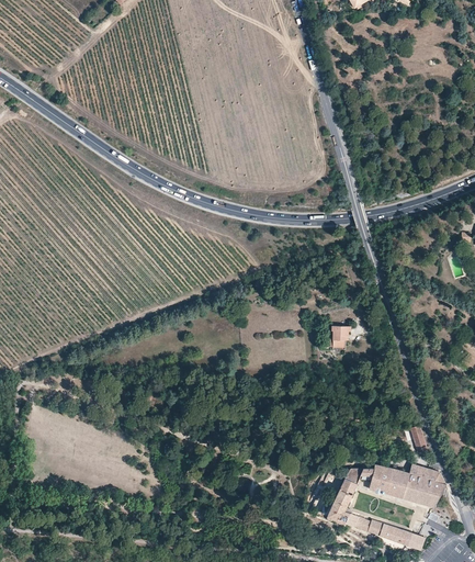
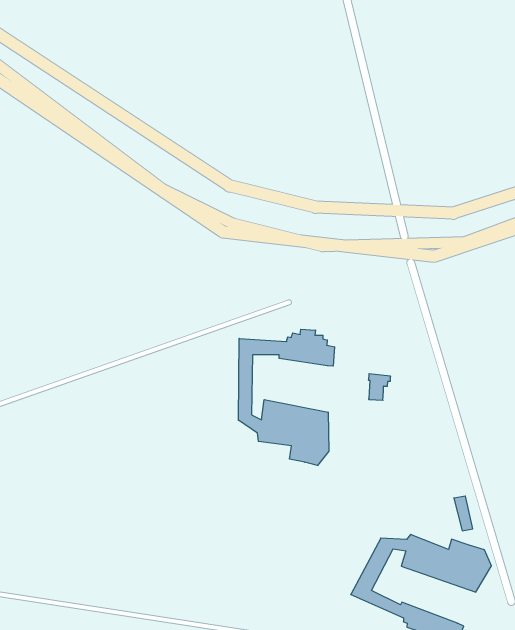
building: none -> [238,329,334,465]

